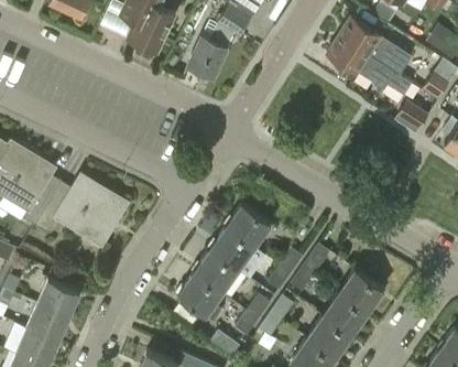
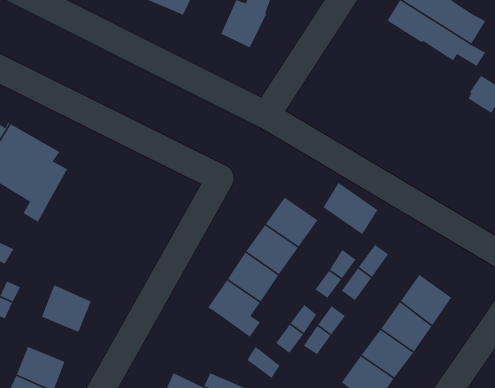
building: [35,174,126,244] -> none
building: none -> [322,182,379,235]
building: [26,304,69,342] -> none

